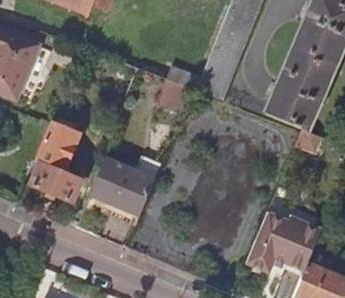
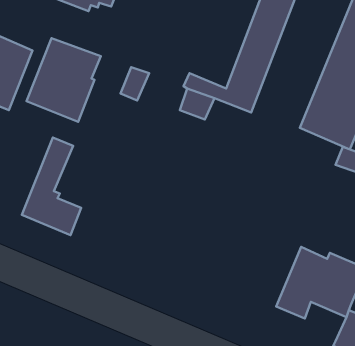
building: none -> [26,38,101,122]
building: [89,158,155,217] -> none

